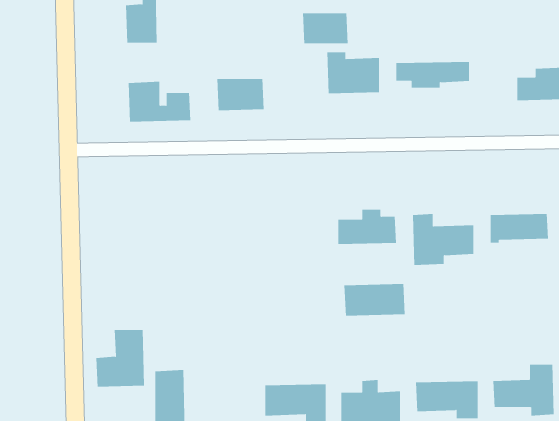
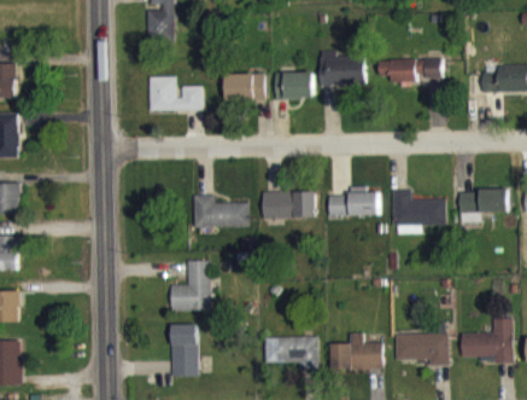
building: [302,13,349,44] -> [274,73,314,99]
building: none -> [193,195,248,227]
building: [344,284,406,316] -> [262,191,315,219]
building: [95,330,145,387] -> [170,261,212,311]

